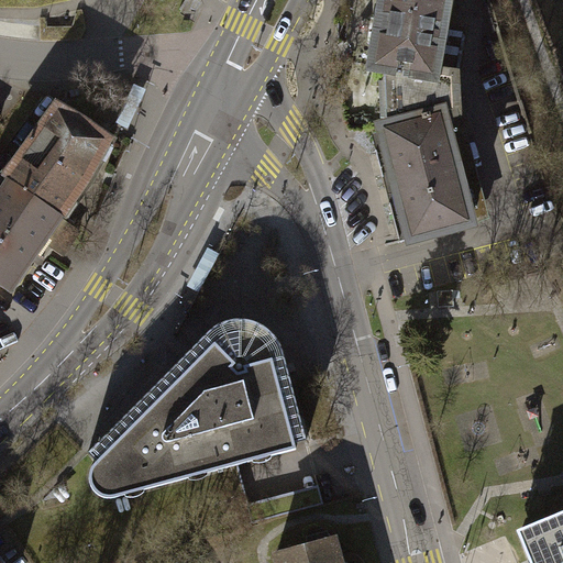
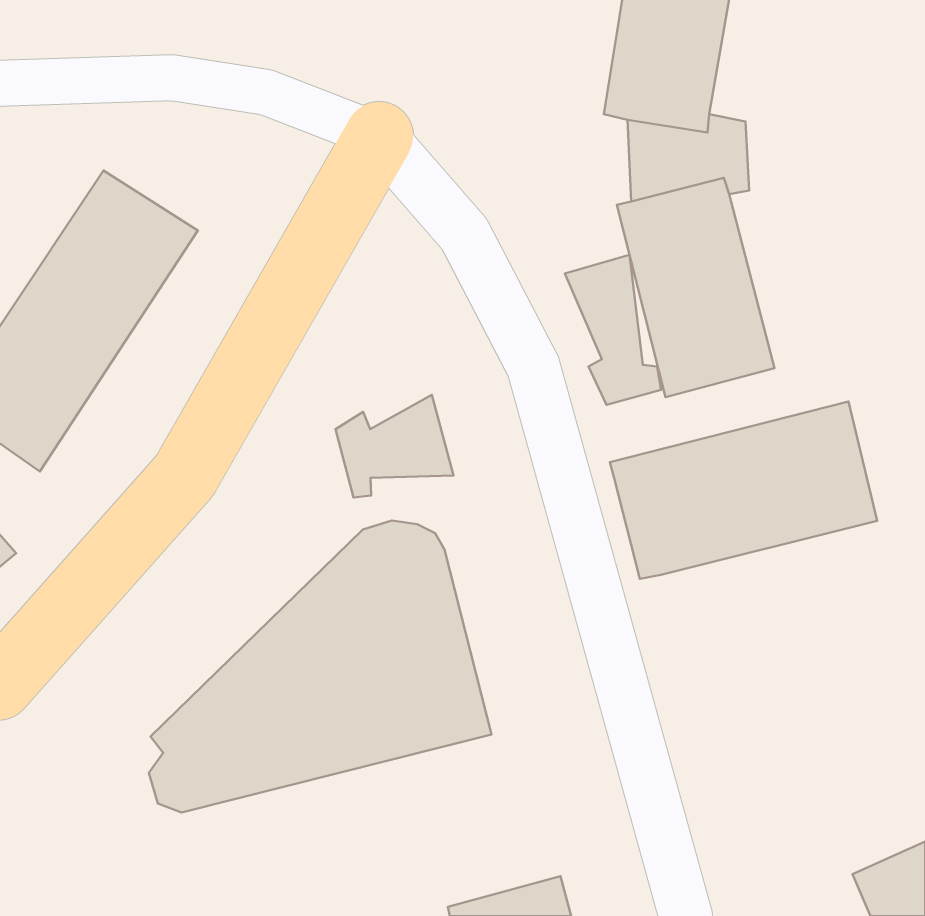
building: none -> [565,255,661,405]
building: none -> [336,395,454,497]
building: none -> [610,402,877,579]

